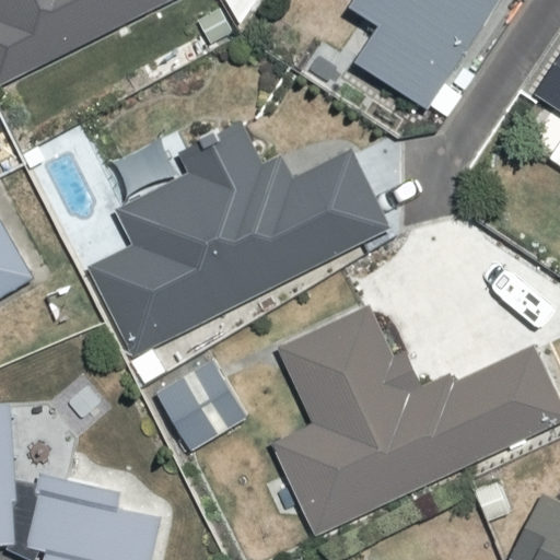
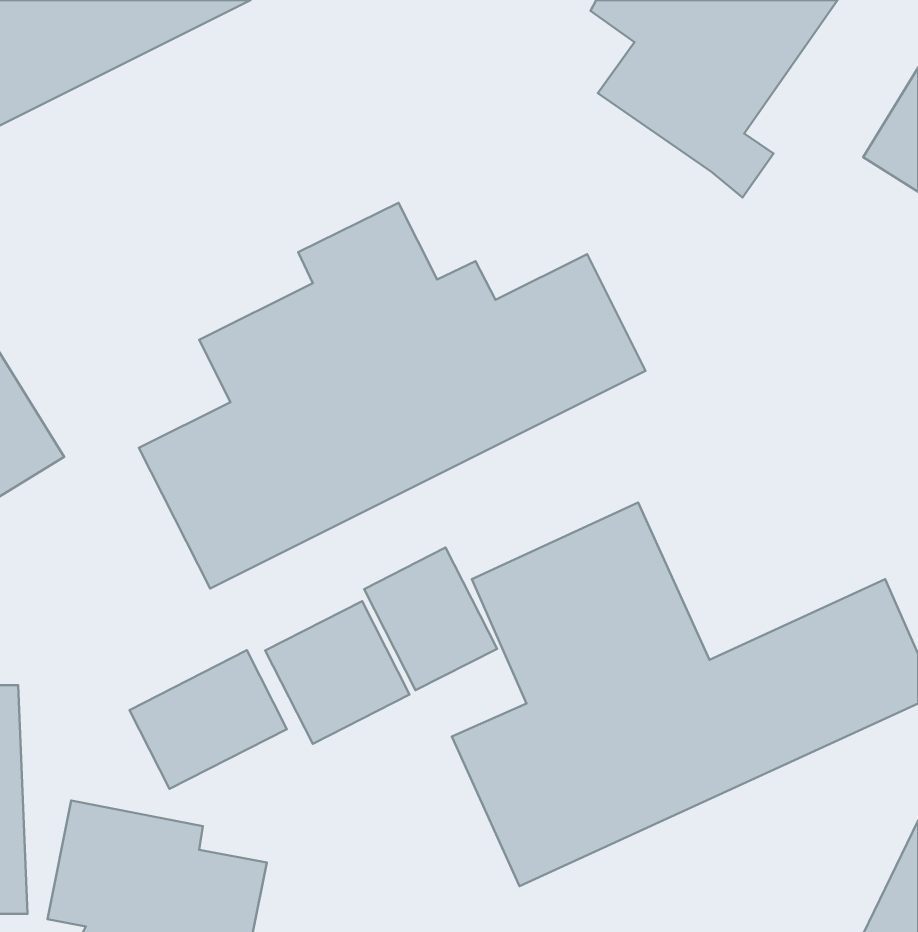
building: none -> [364,548,497,690]
building: none -> [129,650,287,789]

